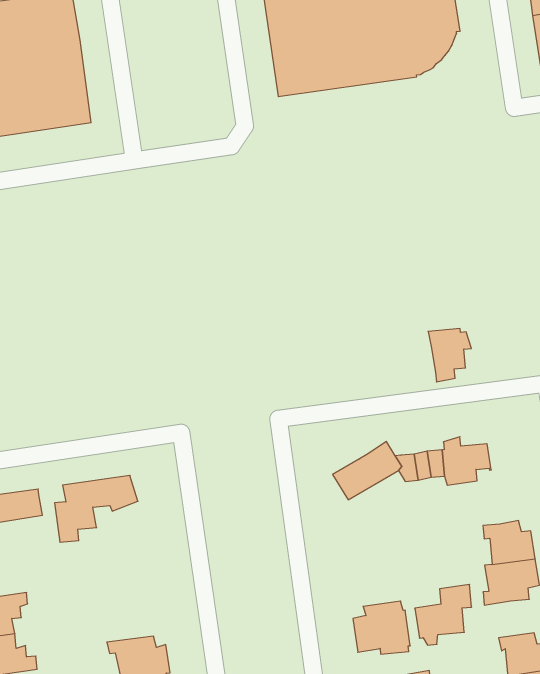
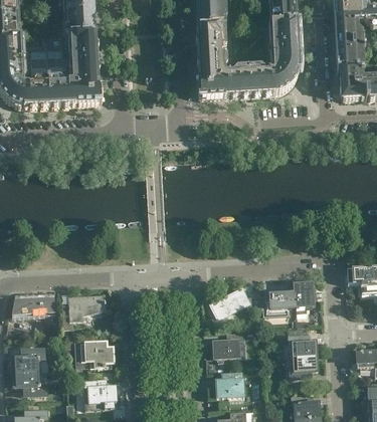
building: [428,329,471,382] -> [294,283,316,310]
building: none -> [74,337,116,369]
building: [415,584,472,645] -> [213,331,243,361]

